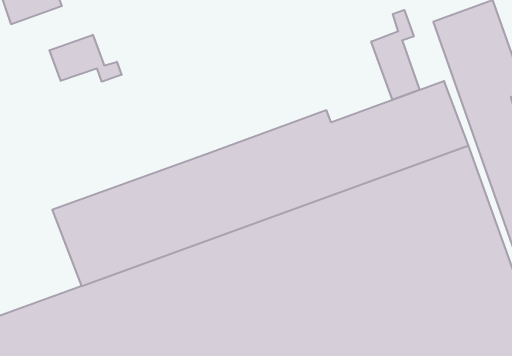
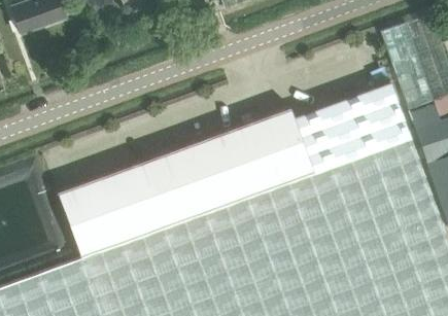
building: [371,10,420,100] -> none
building: [50,35,122,82] -> none

